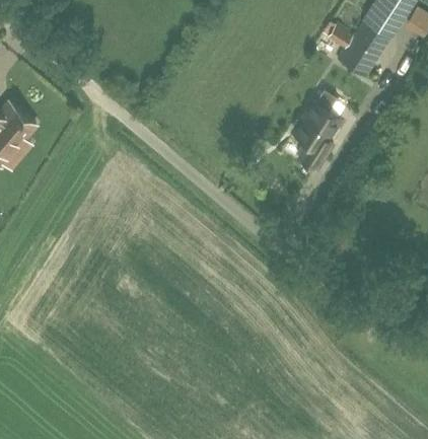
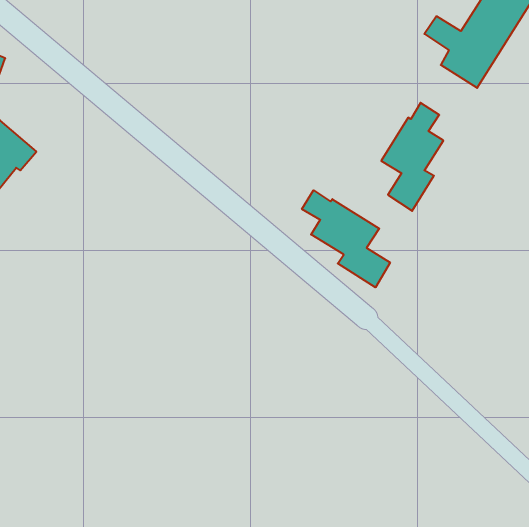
building: none -> [302,190,390,287]

